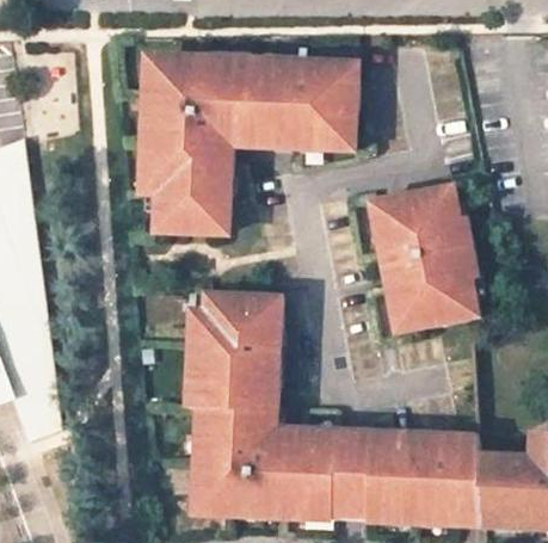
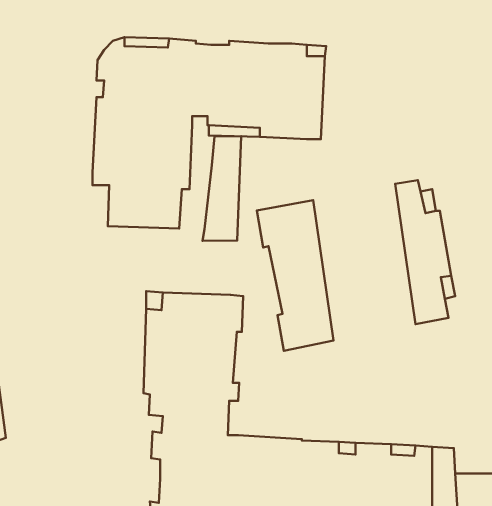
building: none -> [203,136,241,241]
building: [370,191,442,332] -> [257,200,334,351]

